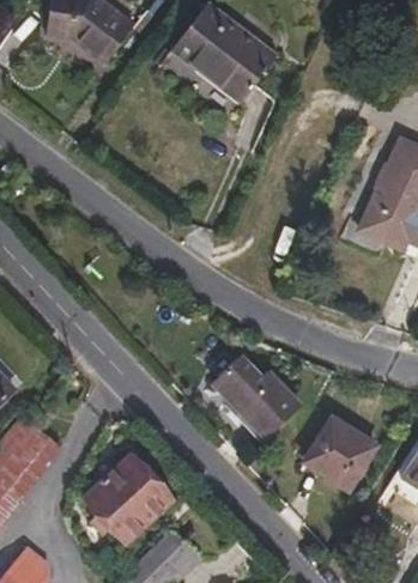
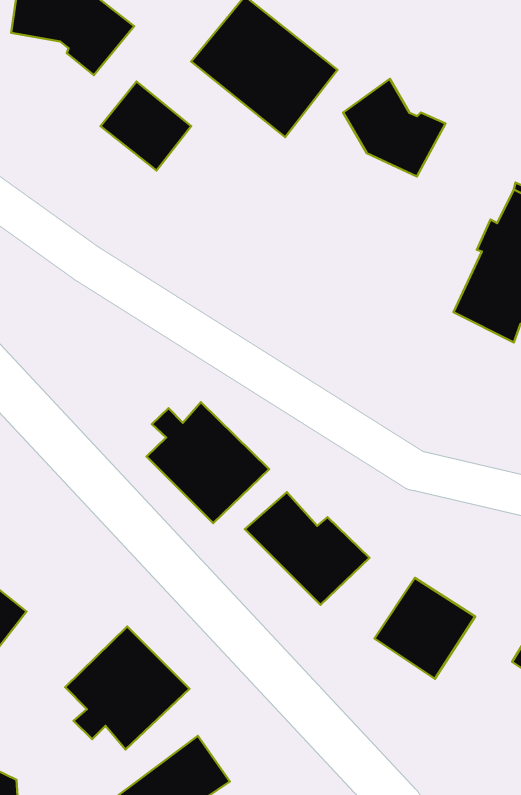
building: none -> [343,79,446,177]
building: none -> [100,82,191,171]
building: none -> [147,402,269,523]

